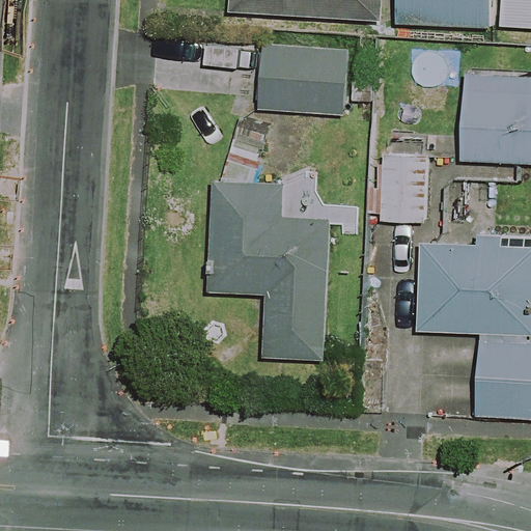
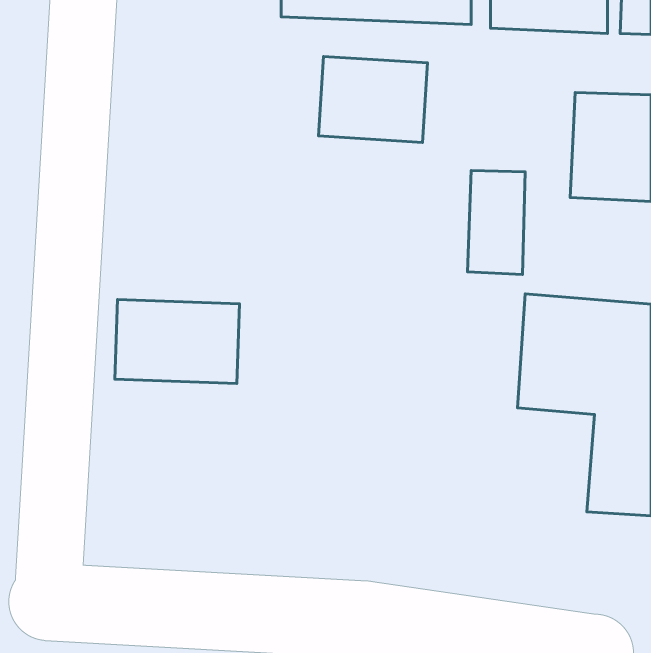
building: [209,179,330,358] -> none
building: none -> [115,299,239,384]

